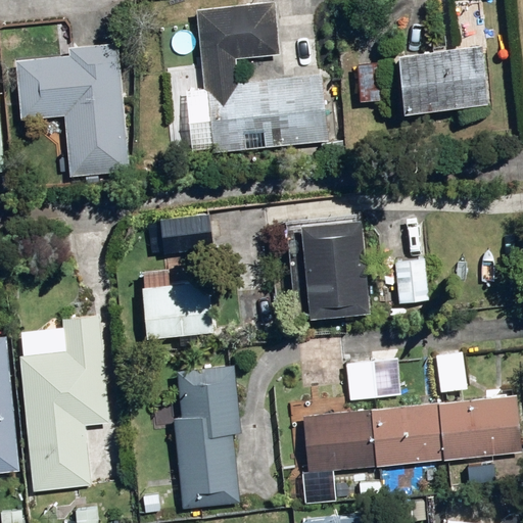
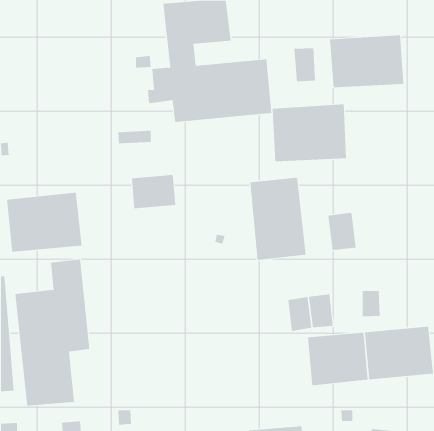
building: [13,43,128,177] -> none
building: none -> [272,104,346,162]
building: none -> [6,192,82,252]
building: [140,271,212,338] -> none
building: [173,363,241,511] -> none
building: [302,410,375,474] -> none

